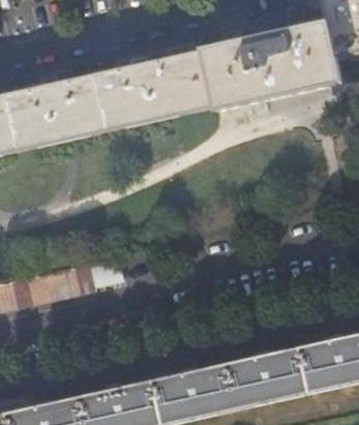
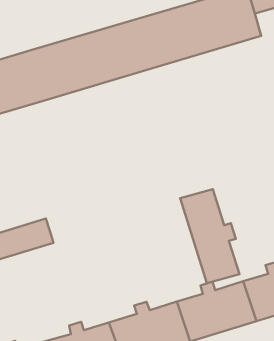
building: none -> [180,189,240,283]

